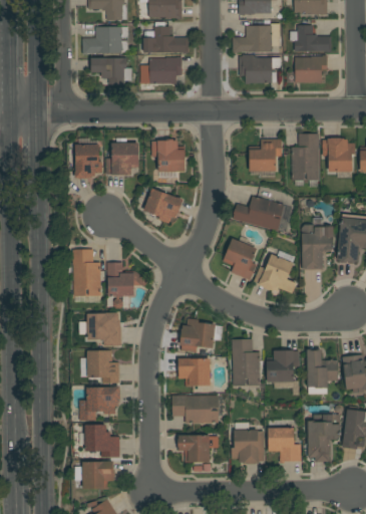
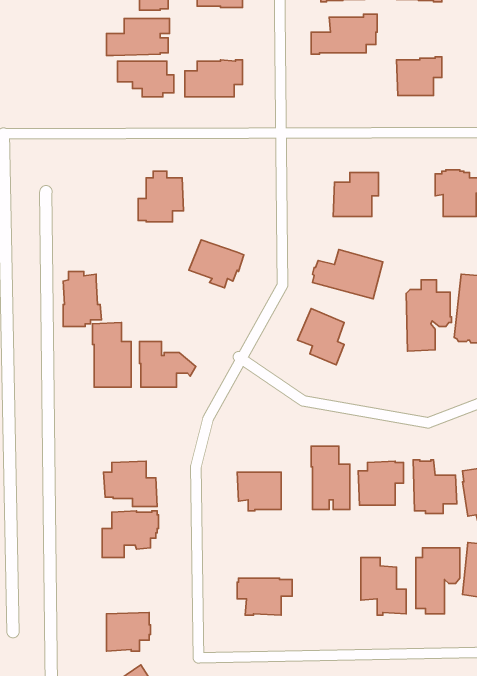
building: [142,22,188,54] -> none
building: [289,25,331,52] -> none
building: [239,55,281,84] -> none
building: [291,135,319,181] -> none
building: [74,139,102,179] -> [63,272,102,327]
building: [151,140,185,173] -> none
building: [253,254,296,294] -> none
building: [78,313,121,346] -> none
building: [179,319,223,353] -> none
building: [171,396,218,424] -> none
building: [84,424,119,458] -> none
building: [231,430,264,465] -> none

